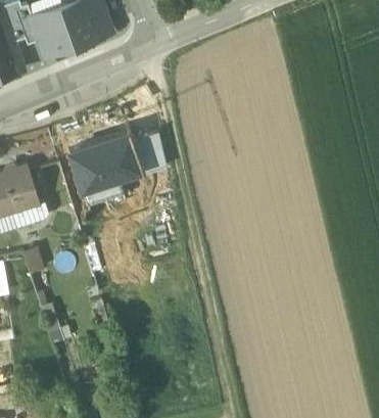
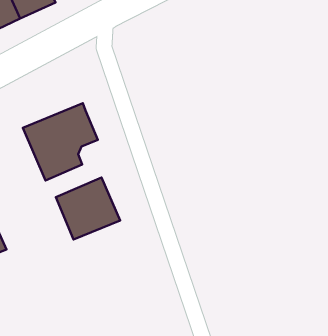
building: [131,132,167,174] -> none
building: none -> [56,178,120,239]

